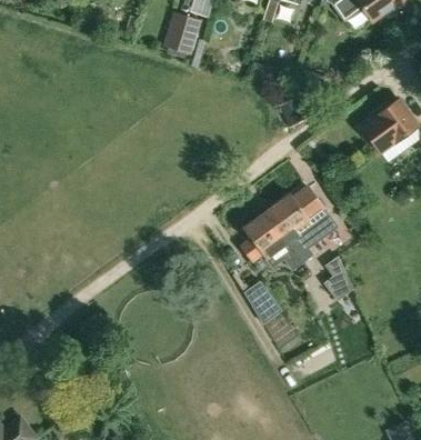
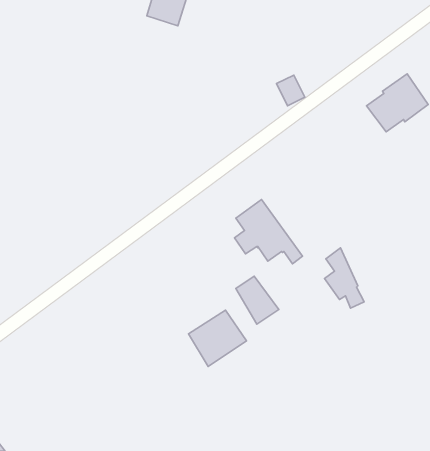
building: [267,187,337,262] -> none
building: none -> [188,310,246,366]

